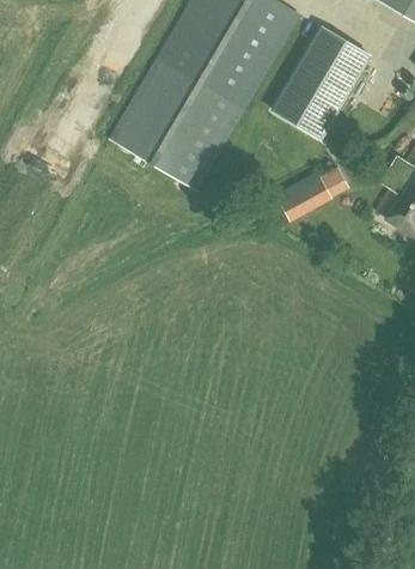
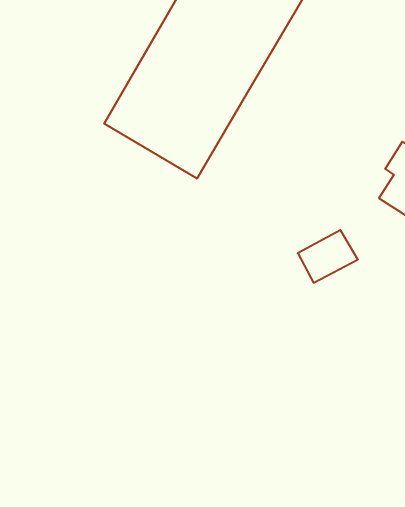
building: [270,26,371,141] -> none
building: [274,170,332,222] -> [298,230,358,283]

